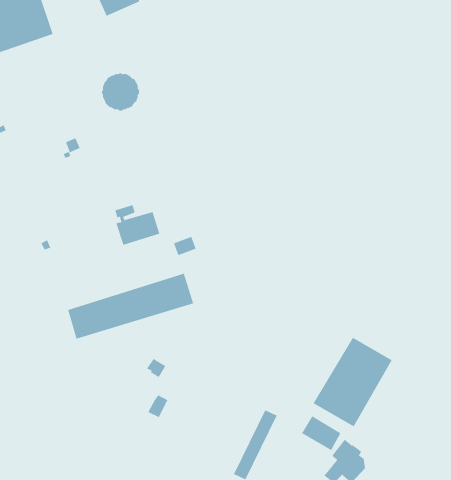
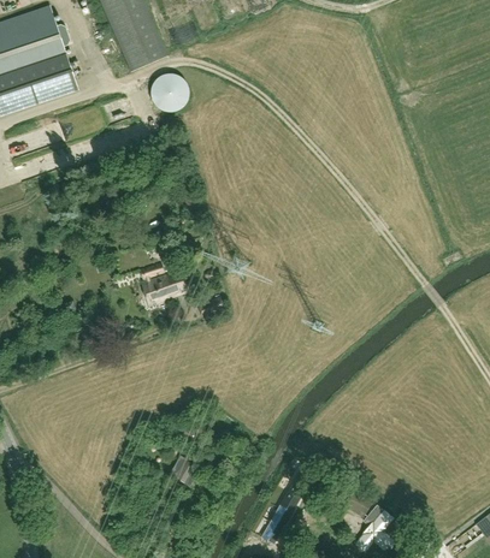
building: [101,72,140,111] -> [149,71,189,111]
building: [67,273,194,340] -> none
building: [313,337,392,427] -> none

